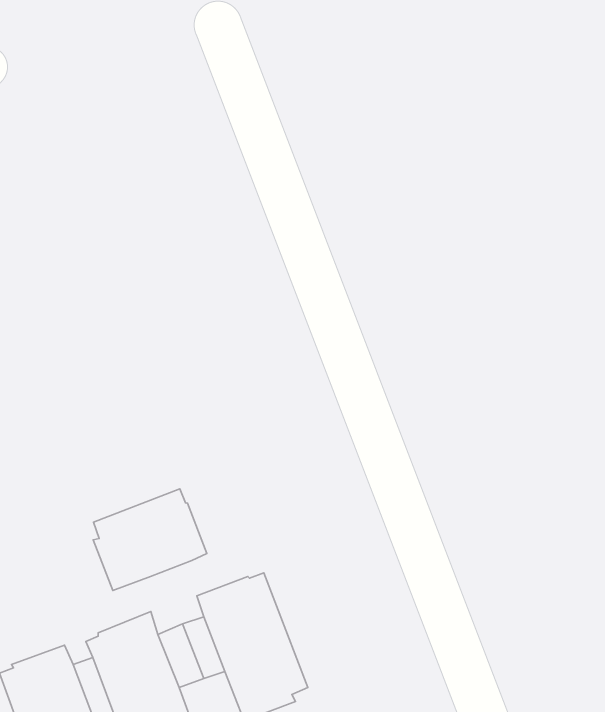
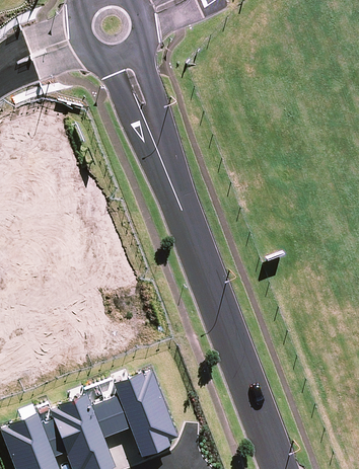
building: [93,489,207,590] -> none

